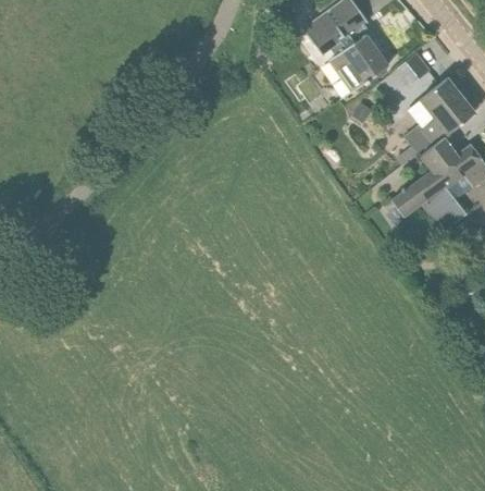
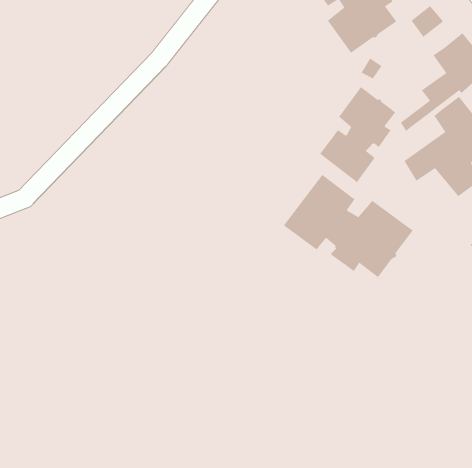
building: none -> [319,85,397,183]
building: none -> [283,174,415,280]

